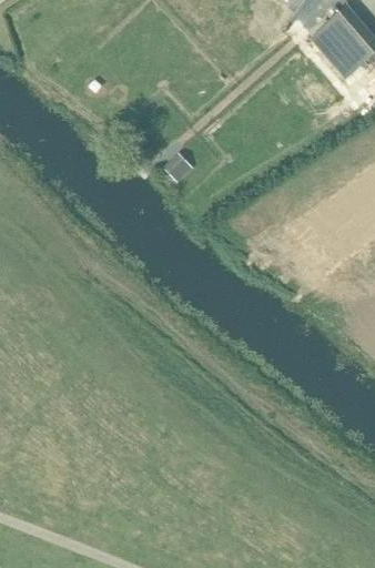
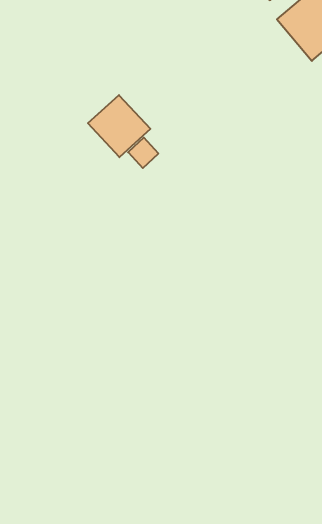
building: none -> [88,95,150,157]

